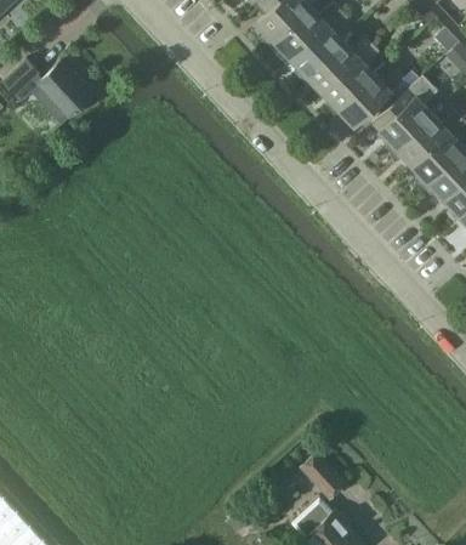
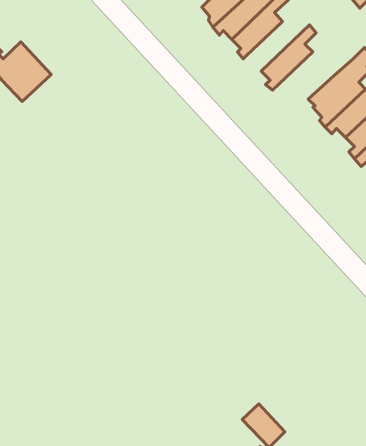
building: [301,35,373,92] -> none
building: [333,70,420,126] -> none

